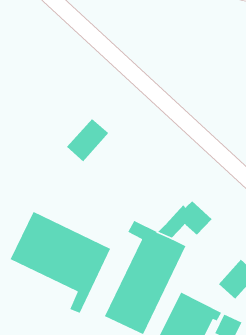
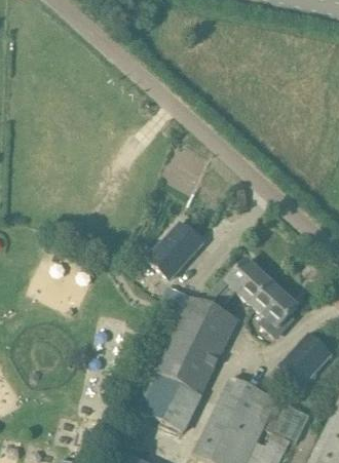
building: [66,118,109,162] -> [148,224,202,279]
building: [9,211,111,314] -> none
building: none -> [254,284,298,338]

